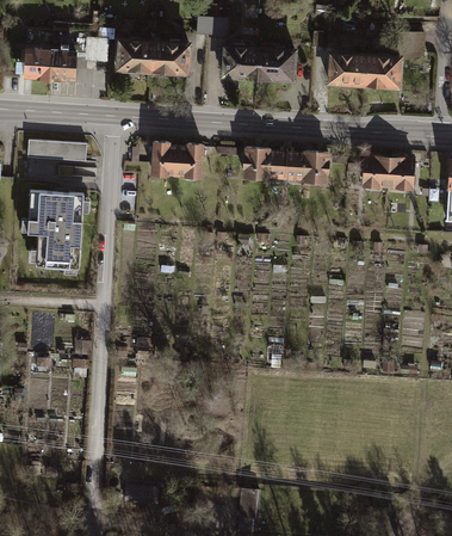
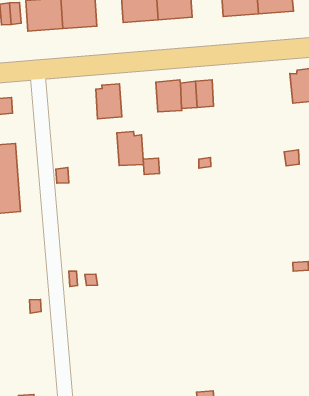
building: [149,138,178,177] -> [117,131,144,166]
building: [302,149,329,184] -> none
building: [361,152,389,189] -> none

